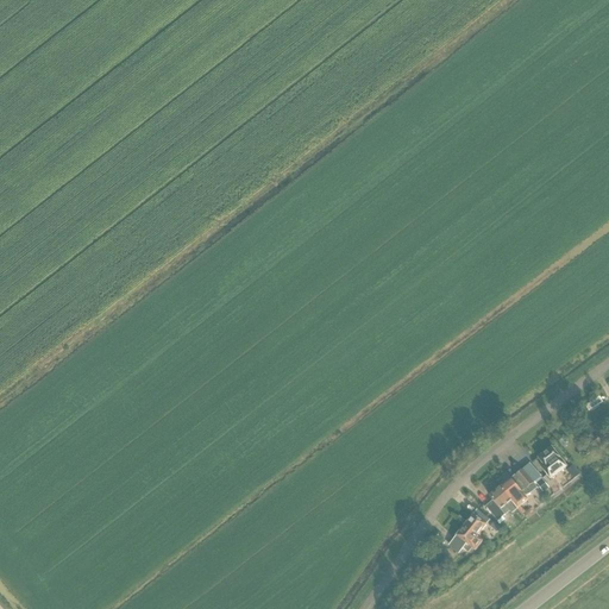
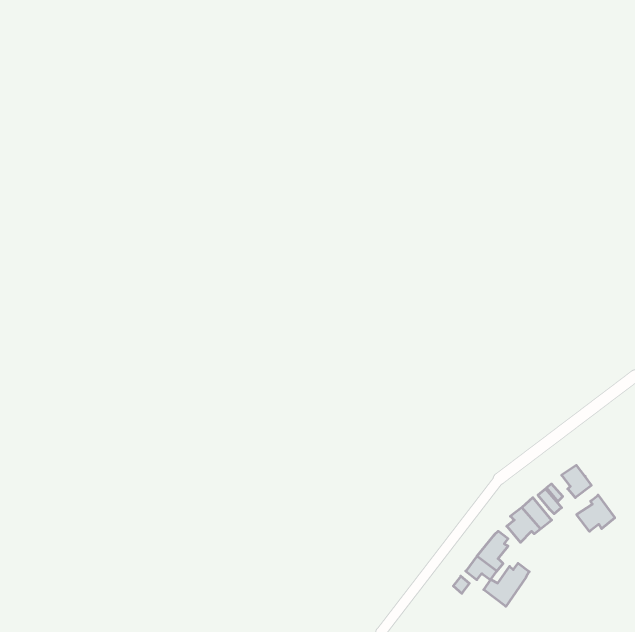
building: none -> [577,495,615,531]
building: none -> [484,563,529,606]

